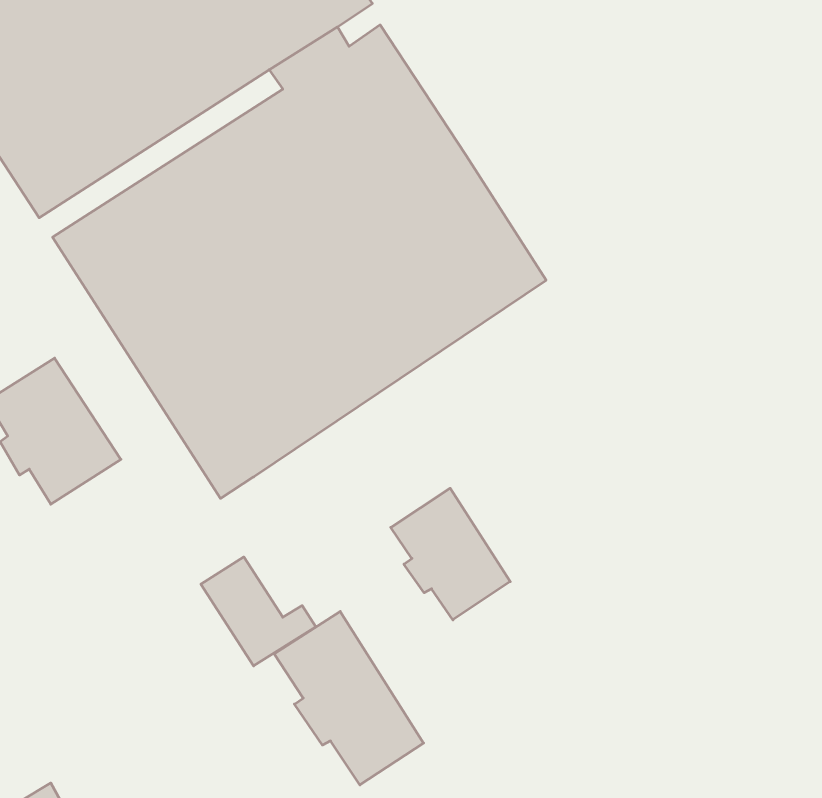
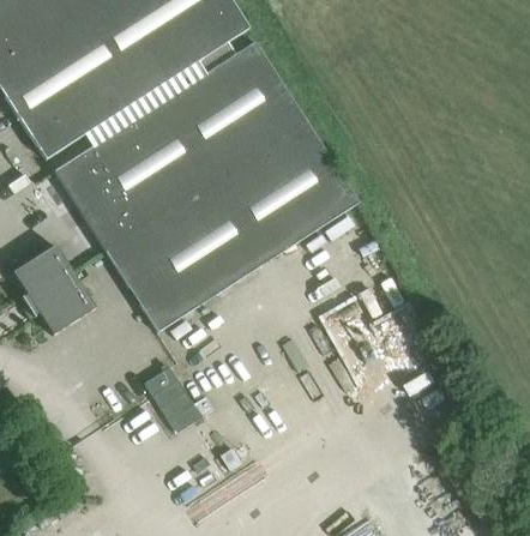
building: [391,488,510,620] -> none
building: [274,611,424,785] -> none

